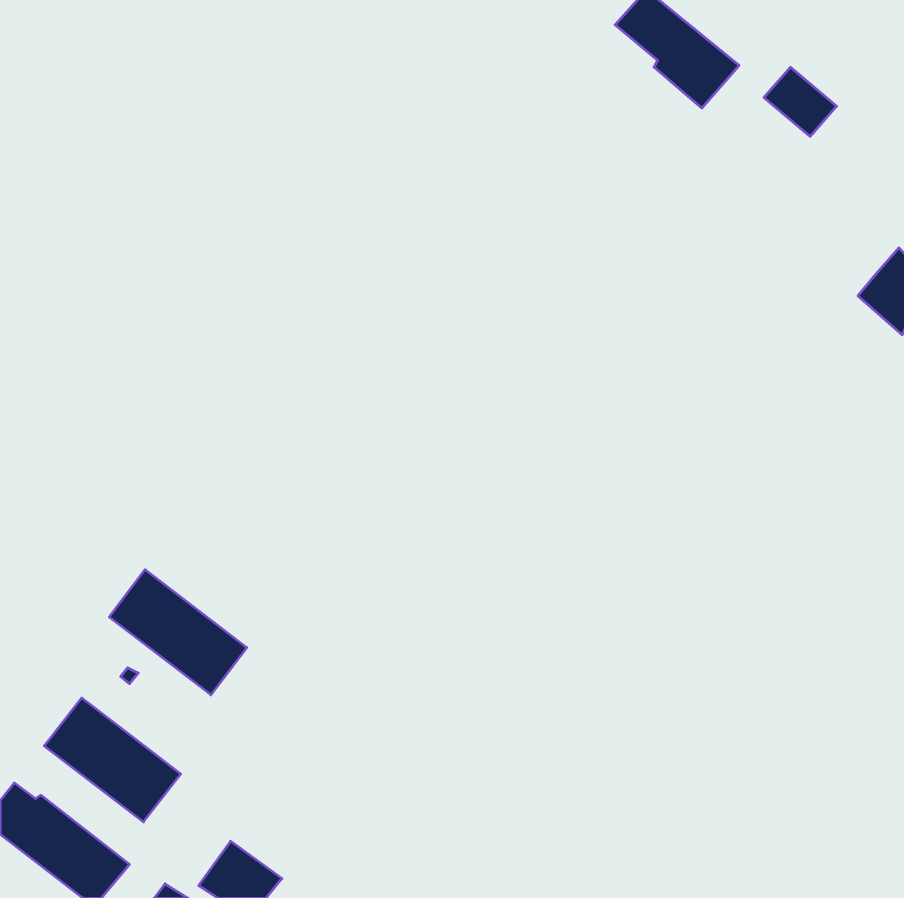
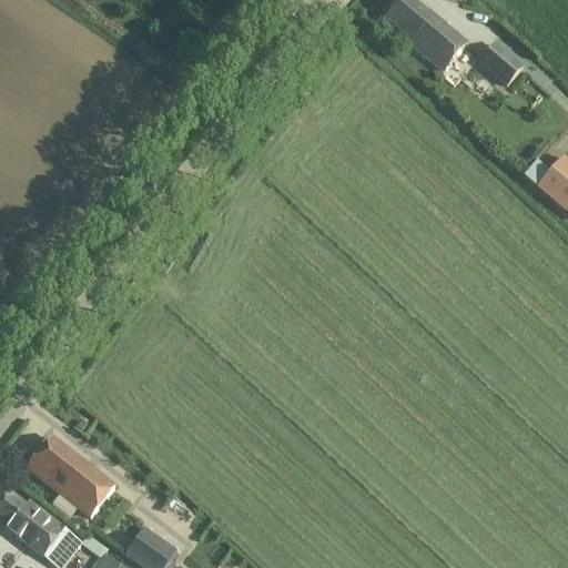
building: [109,570,247,695] -> none

